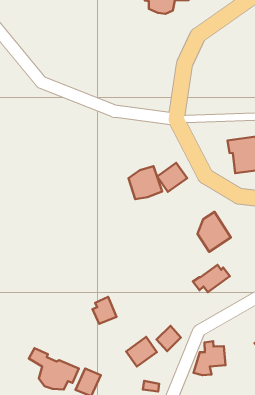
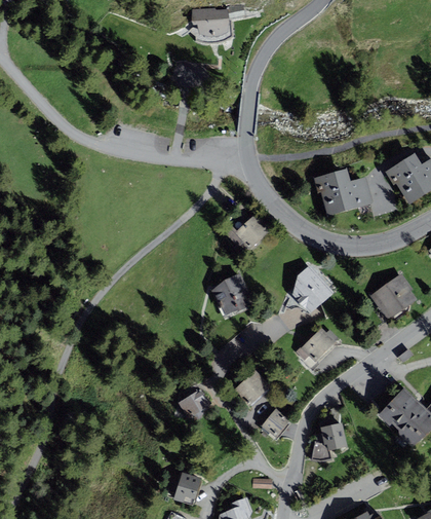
building: [129,166,162,199] -> [212,272,254,314]
building: [126,337,157,367] -> [234,370,271,407]
building: [29,348,79,390] -> none

